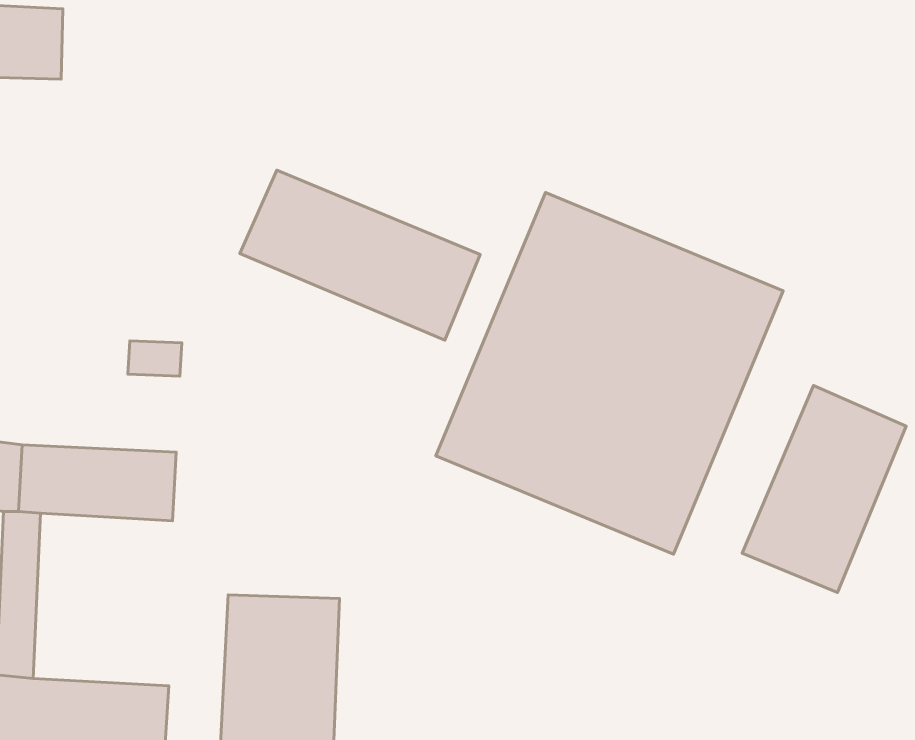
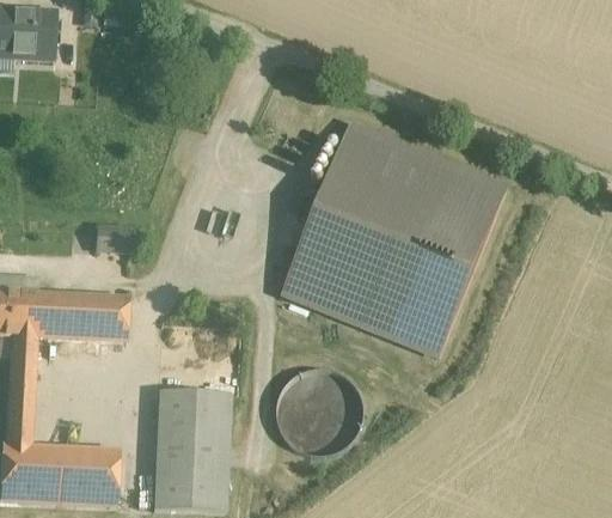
building: [240,170,480,340] -> none
building: [742,386,906,593] -> none
building: none -> [280,374,361,456]

